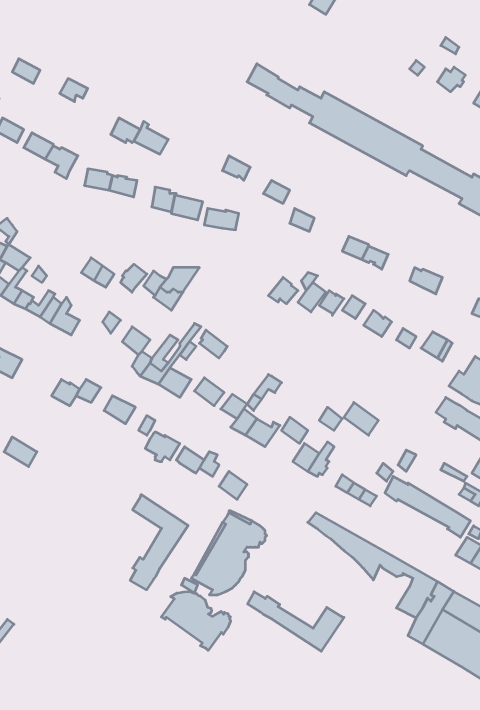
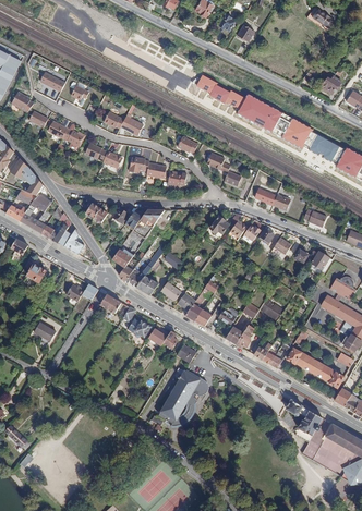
building: [130,495,188,590] -> none
building: [161,592,231,650] -> none
building: [248,592,344,651] -> none

